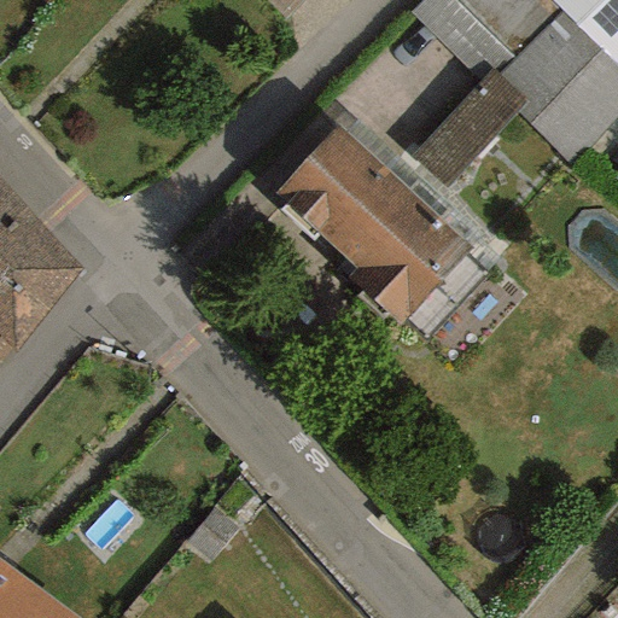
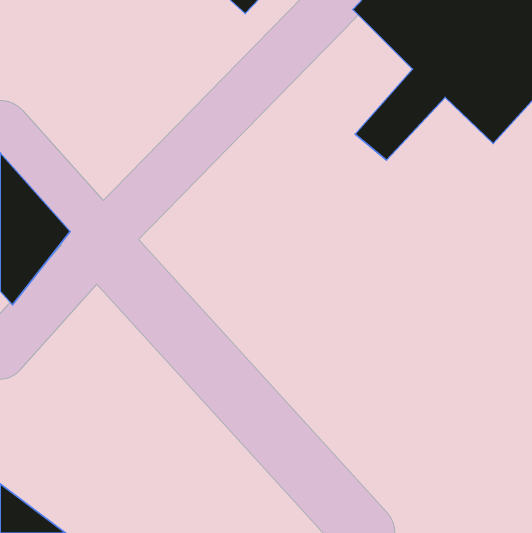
building: [268,123,474,326] -> none

